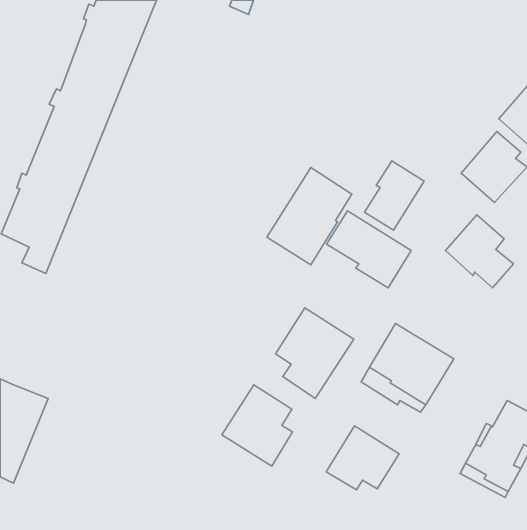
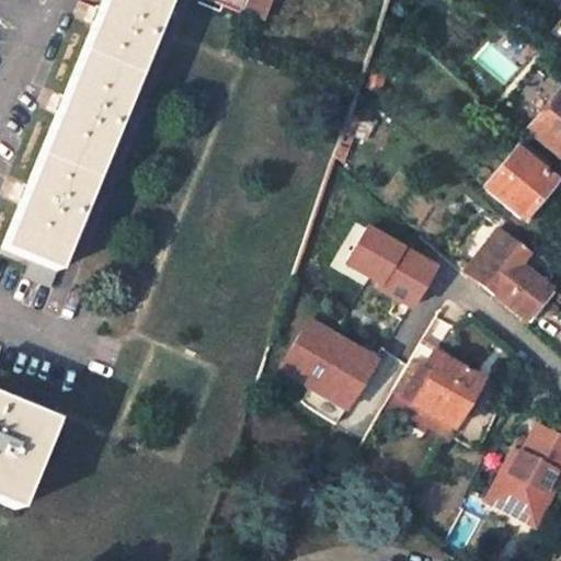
building: [365,161,424,230] -> none
building: [267,167,352,265] -> none
building: [222,385,293,466] -> none
building: [326,426,399,490] -> none

